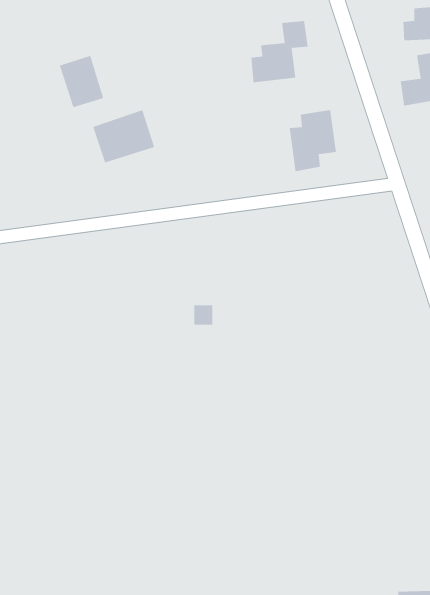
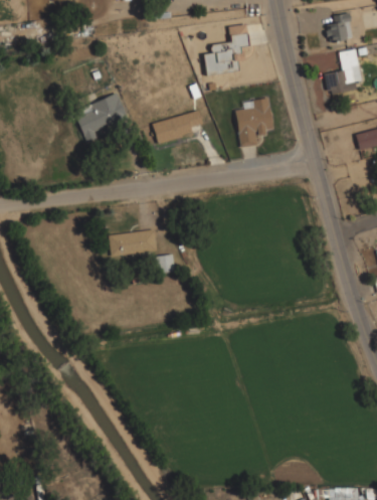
building: [59,55,104,108] -> none
building: none -> [152,111,202,143]
building: none -> [109,229,157,258]

